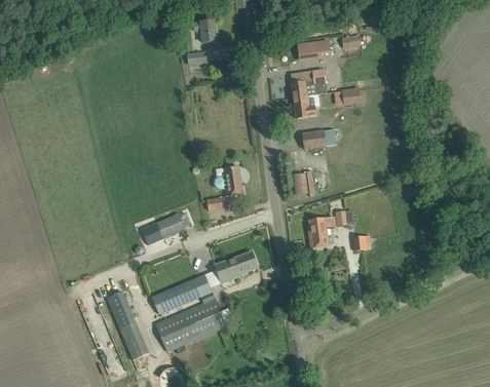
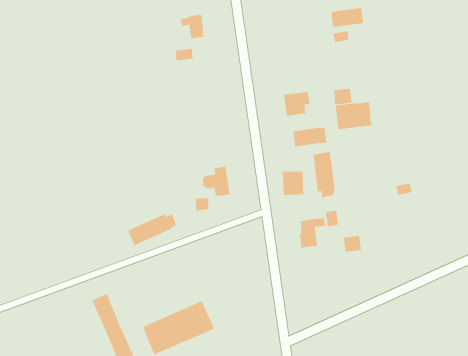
building: [297,40,330,60] -> [330,8,364,28]
building: [290,69,327,96] -> [335,101,373,130]
building: none -> [313,151,335,198]
building: [214,250,257,282] -> none
building: [151,274,212,314] -> none

